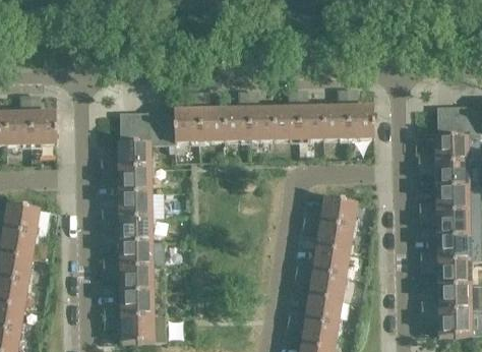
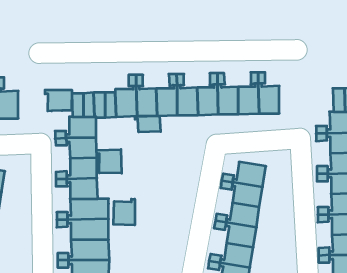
building: none -> [45,90,72,111]
building: none -> [135,116,161,132]
building: none -> [97,149,122,173]
building: none -> [113,199,135,225]

